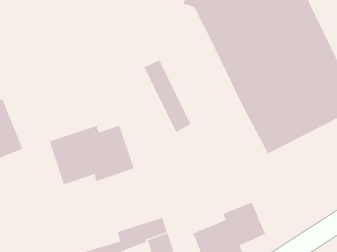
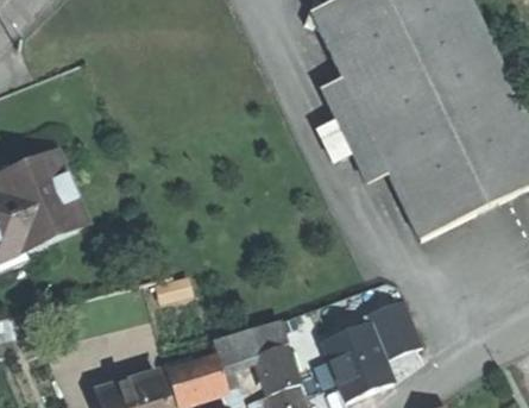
building: [144,59,191,133] -> [321,74,388,176]
building: [49,125,134,185] -> none

